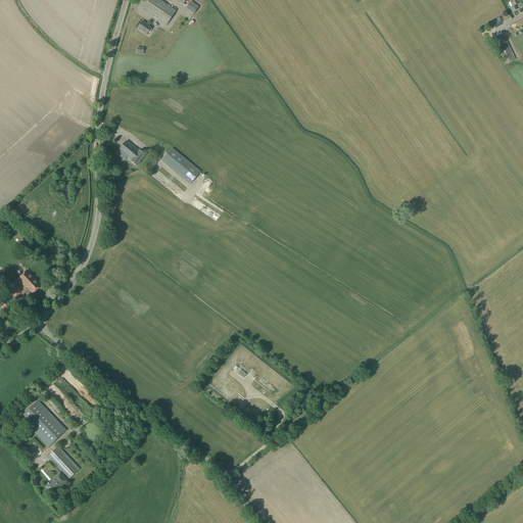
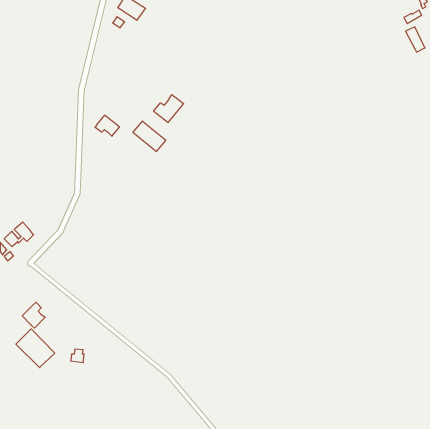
building: none -> [154,95,184,123]
building: none -> [22,302,45,328]
building: [45,447,80,494] -> none

